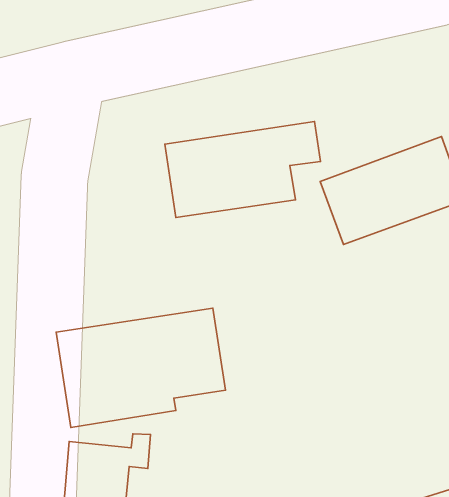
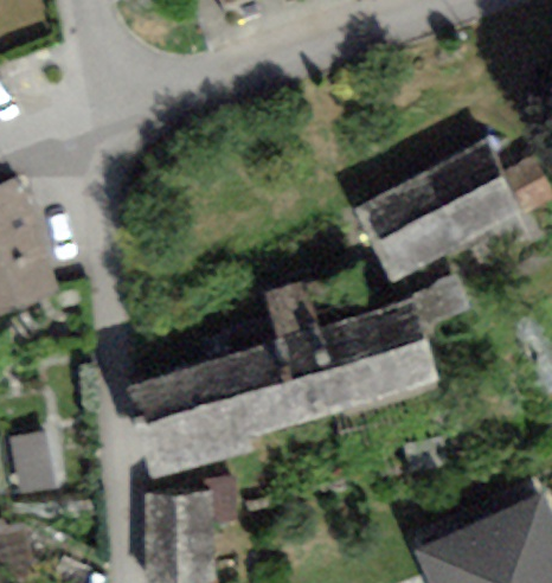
building: [165,121,321,218] -> none
building: none -> [263,284,439,424]

